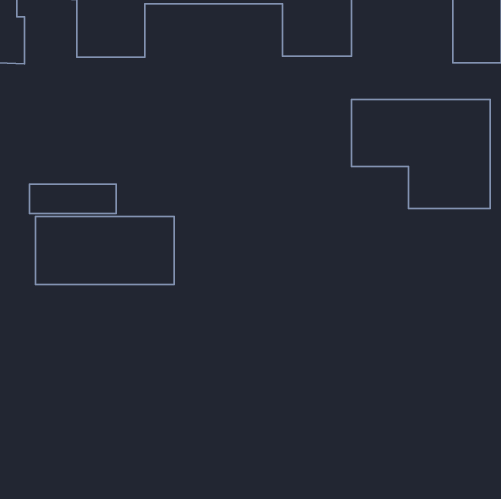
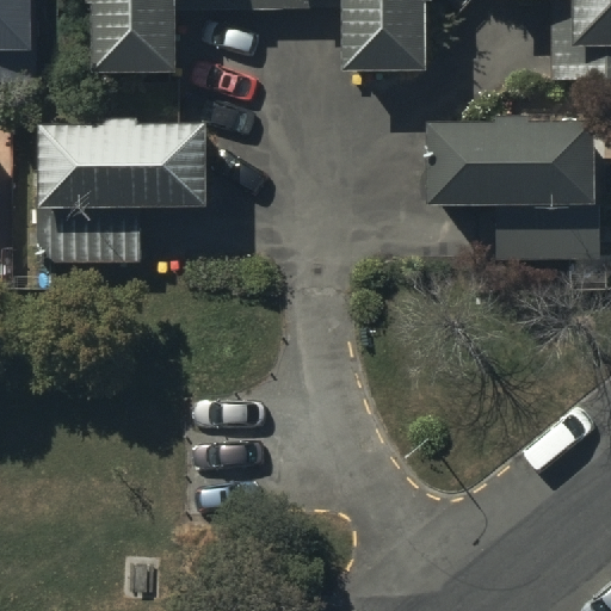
building: [35,216,174,284] -> [39,122,208,204]

